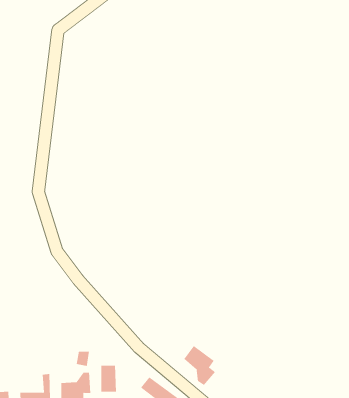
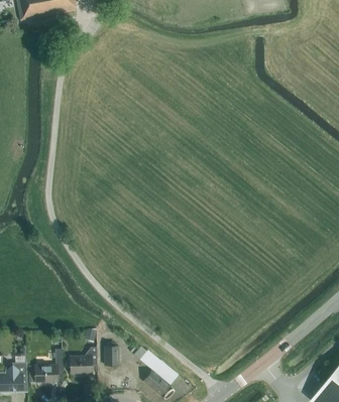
building: [183,345,216,386] -> none

